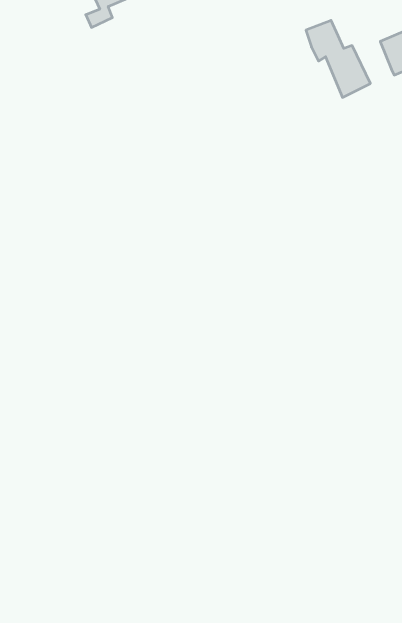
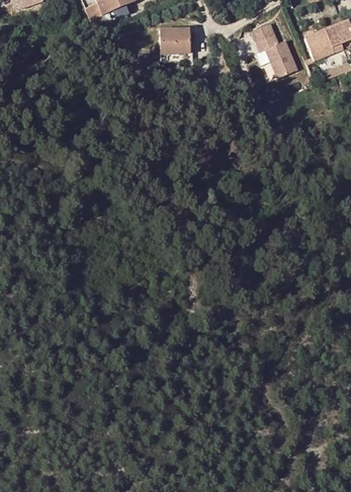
building: none -> [159,27,190,61]

